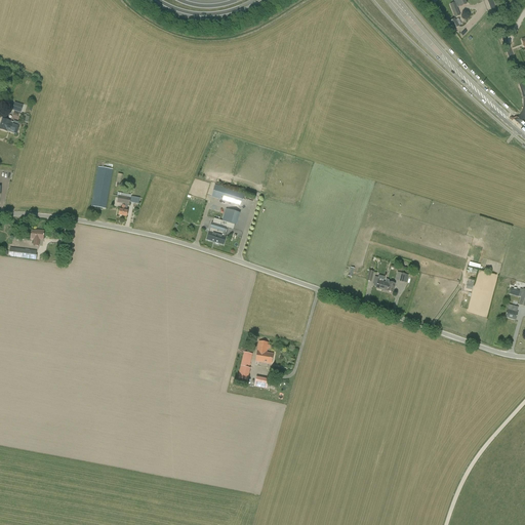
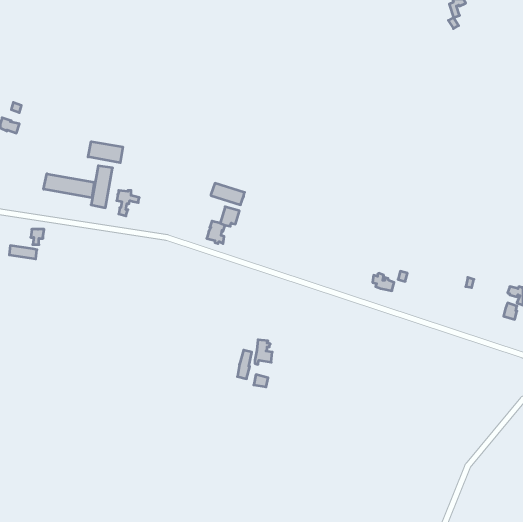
building: none -> [88,142,123,163]
building: none -> [44,174,94,198]

